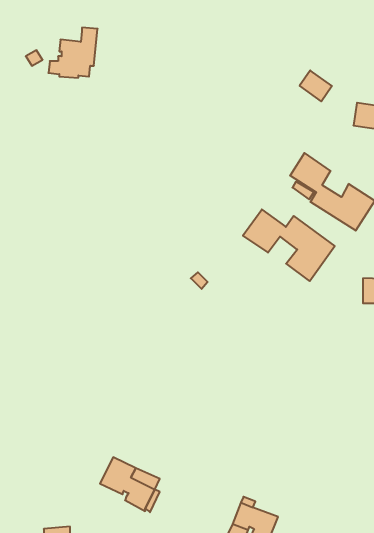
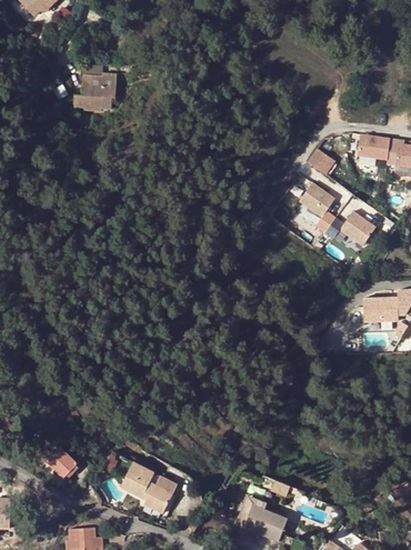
building: [300,70,332,101] -> [307,147,337,176]
building: [243,209,335,281] -> none
building: none -> [46,447,77,478]

